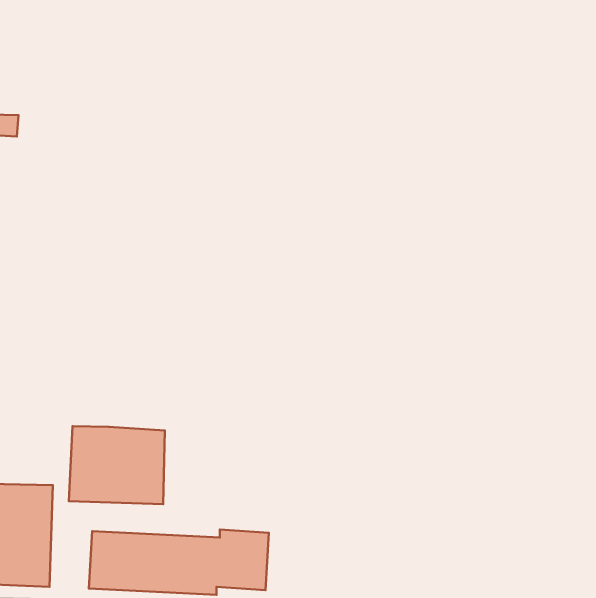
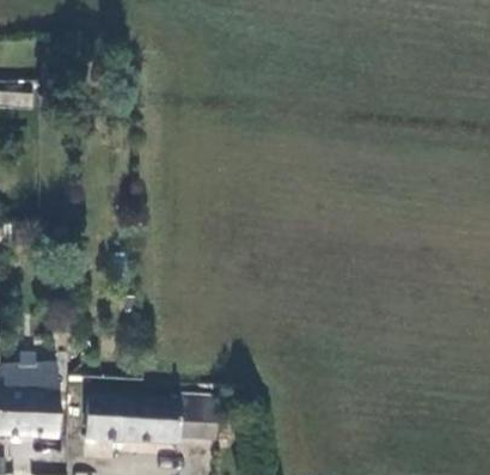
building: [69,426,165,504] -> none

